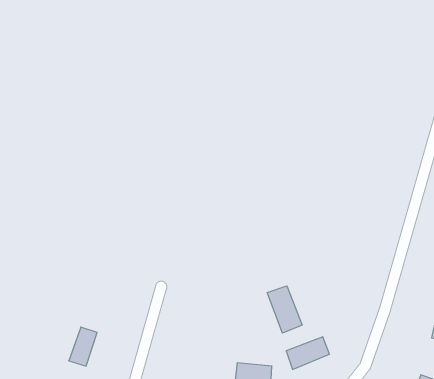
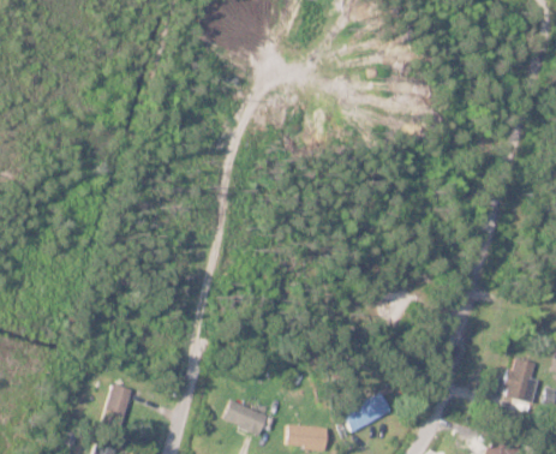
building: [267,286,302,333] -> none
building: none -> [222,400,268,436]

